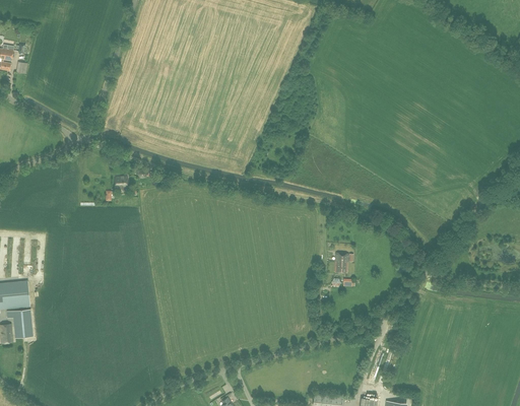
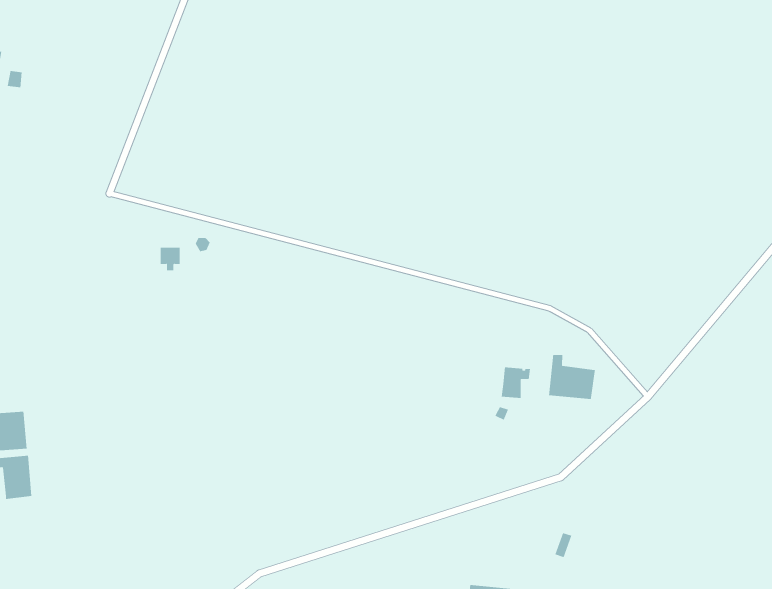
building: none -> [549,354,595,400]

